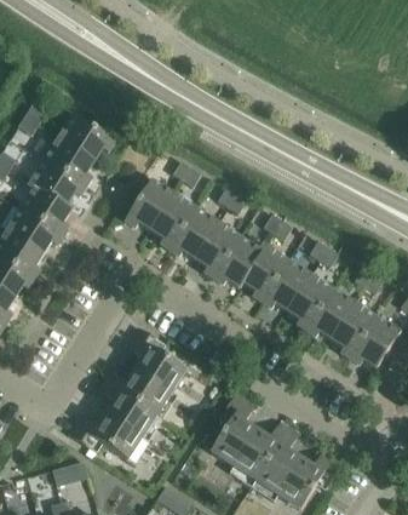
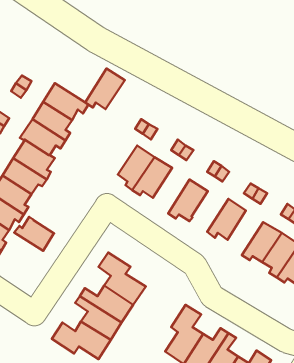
building: [126,179,176,230] -> [85,68,125,109]
building: [195,222,241,279] -> none
building: [243,246,289,302] -> none
building: [288,275,333,331] -> none
building: none -> [14,217,54,251]

